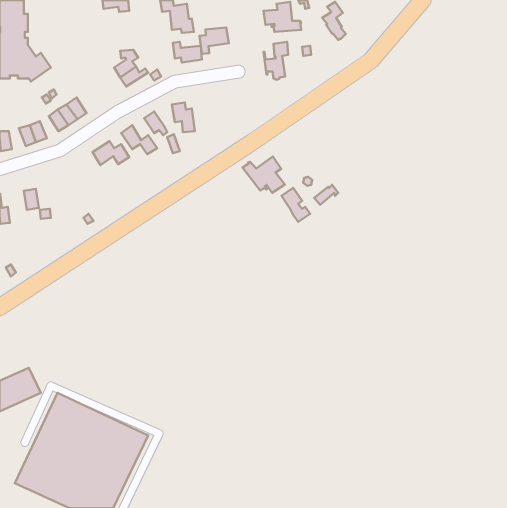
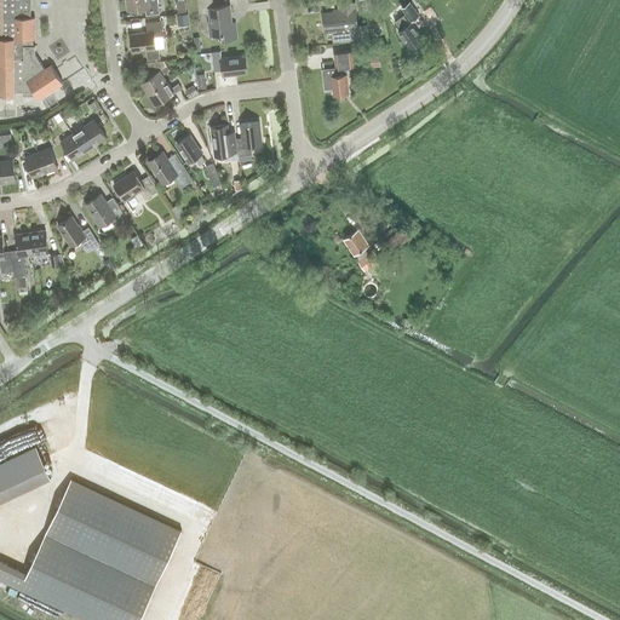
building: none -> [128,21,162,61]
building: [200,28,229,54] -> none
building: none -> [235,121,259,156]
building: [242,156,285,193] -> none
building: none -> [84,194,126,228]
building: none -> [56,216,98,251]
building: none -> [10,232,33,277]

